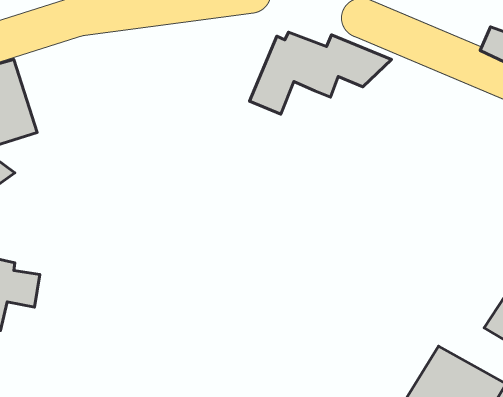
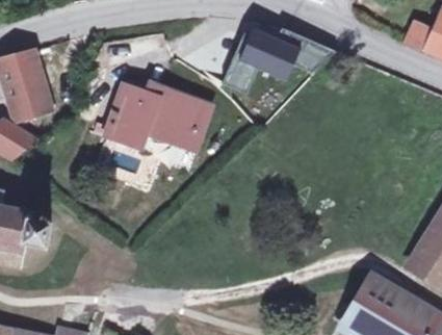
building: none -> [107,88,208,150]

